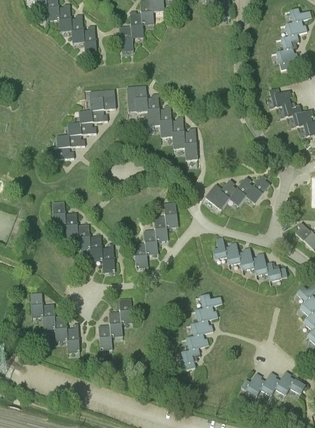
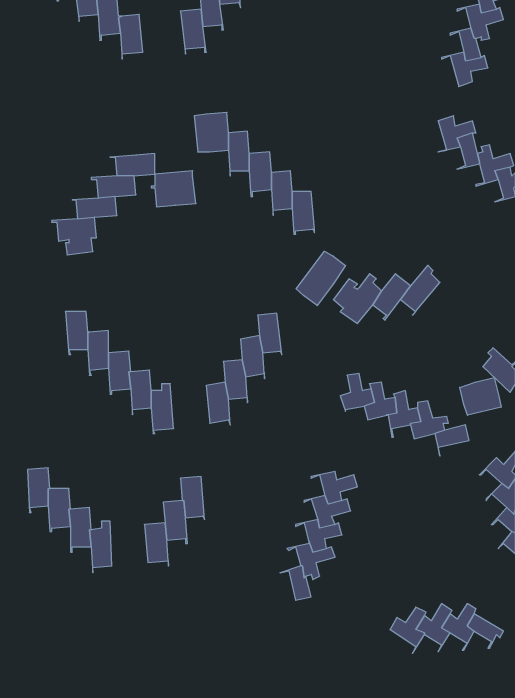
building: [90,90,116,111] -> [151,171,196,207]
building: none -> [296,251,346,306]
building: none -> [460,377,501,415]

